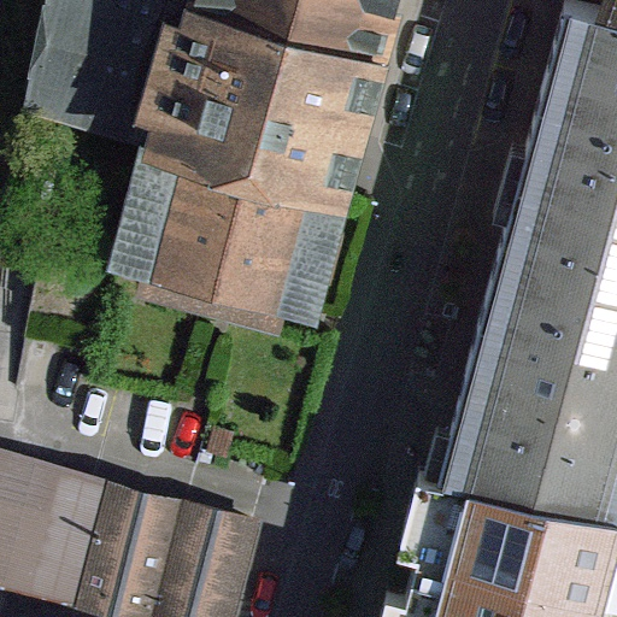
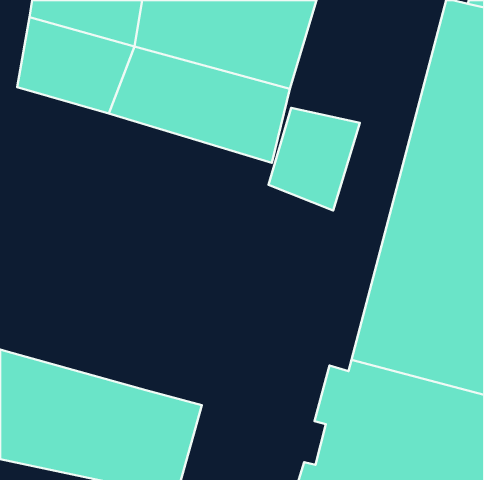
building: none -> [269,108,360,210]
building: [108,149,346,323] -> none

